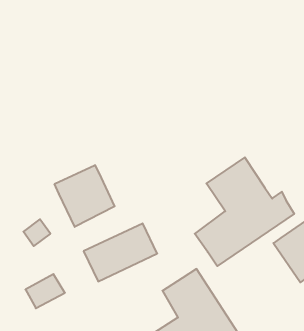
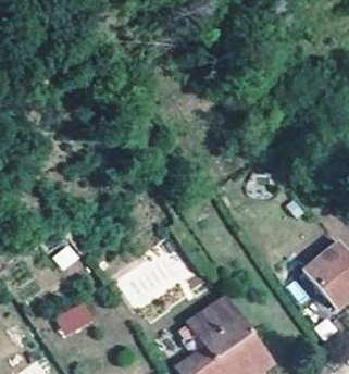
building: [195,157,294,266] -> none
building: [55,165,115,227] -> none

